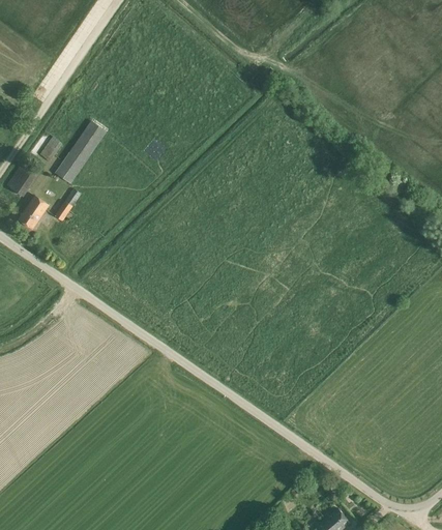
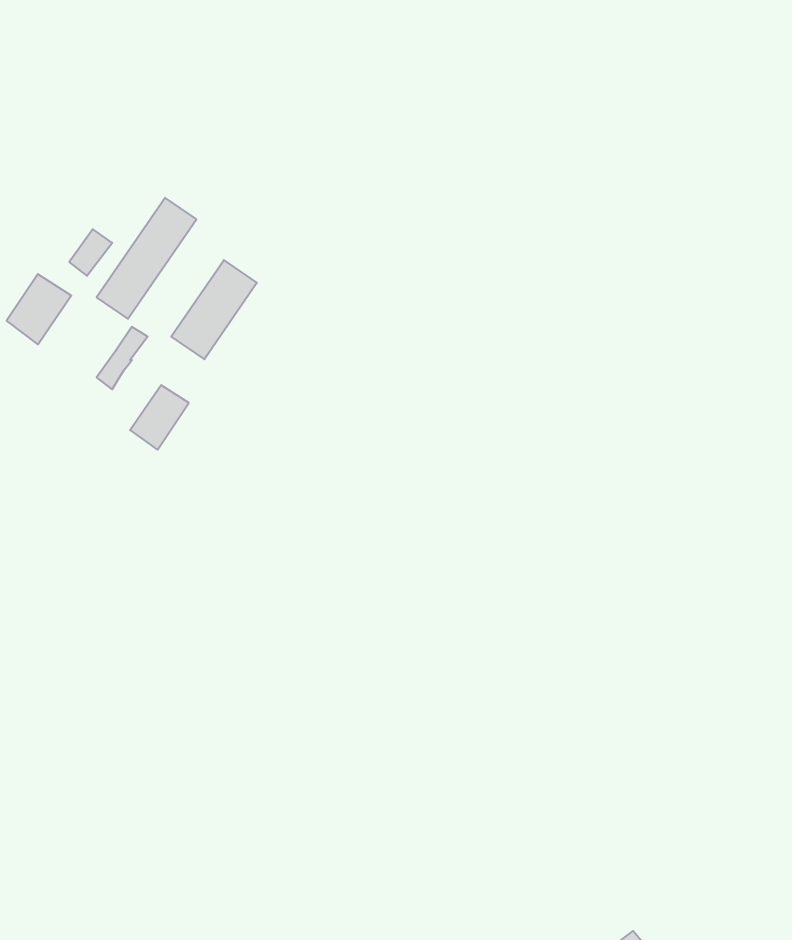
building: none -> [171,260,257,359]
building: [17,197,48,231] -> [130,385,189,450]

